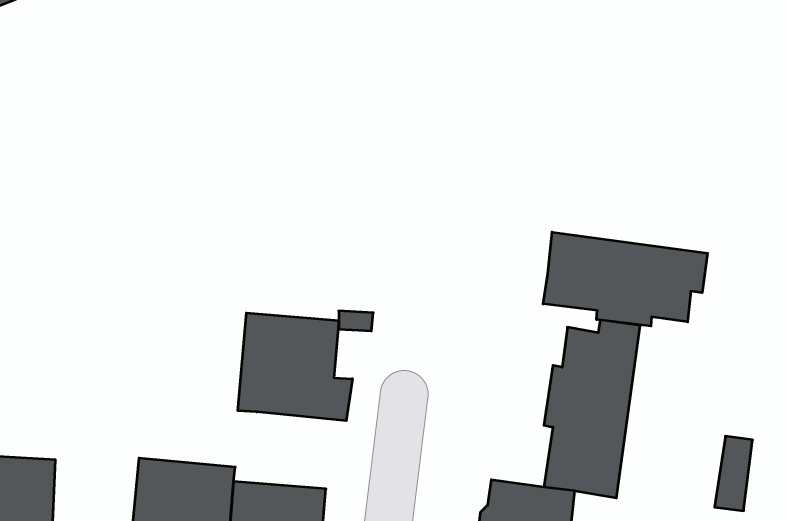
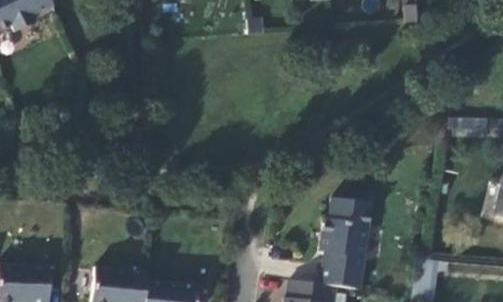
building: [543,232,708,326] -> none
building: [238,313,352,421] -> none

